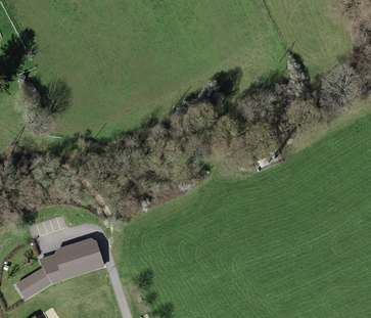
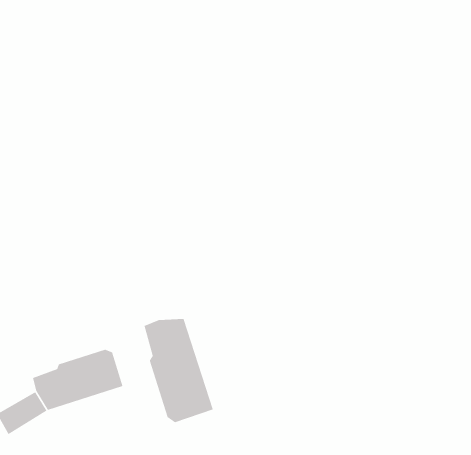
building: none -> [144,318,214,423]

